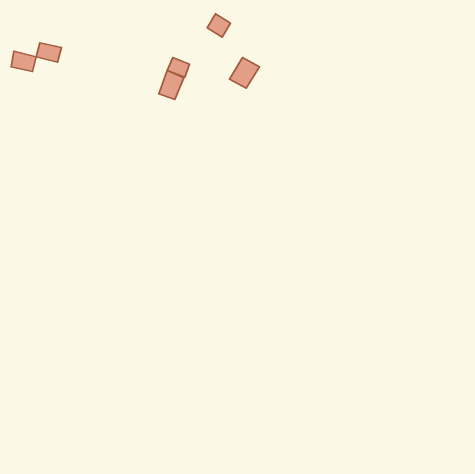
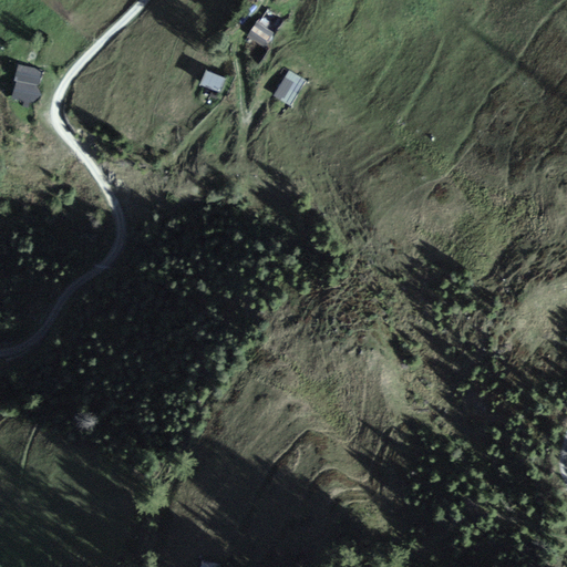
building: [36,43,61,62] -> [9,81,39,104]
building: [159,71,184,100] -> none

